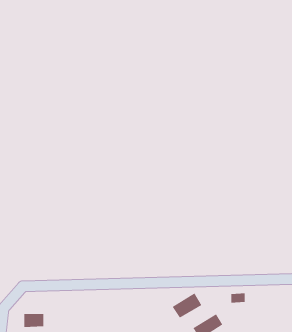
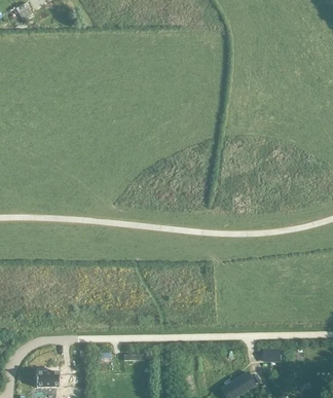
building: [172,292,202,319] -> none

